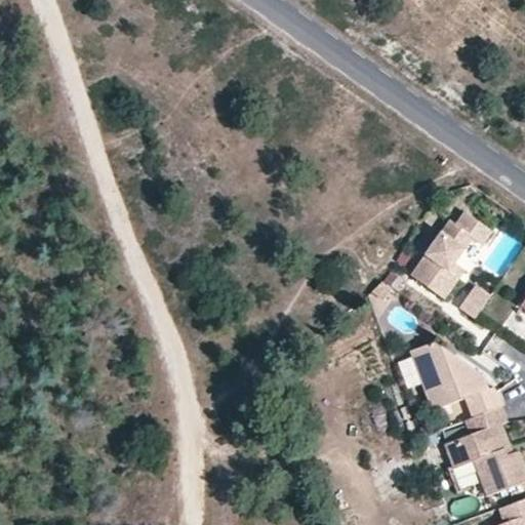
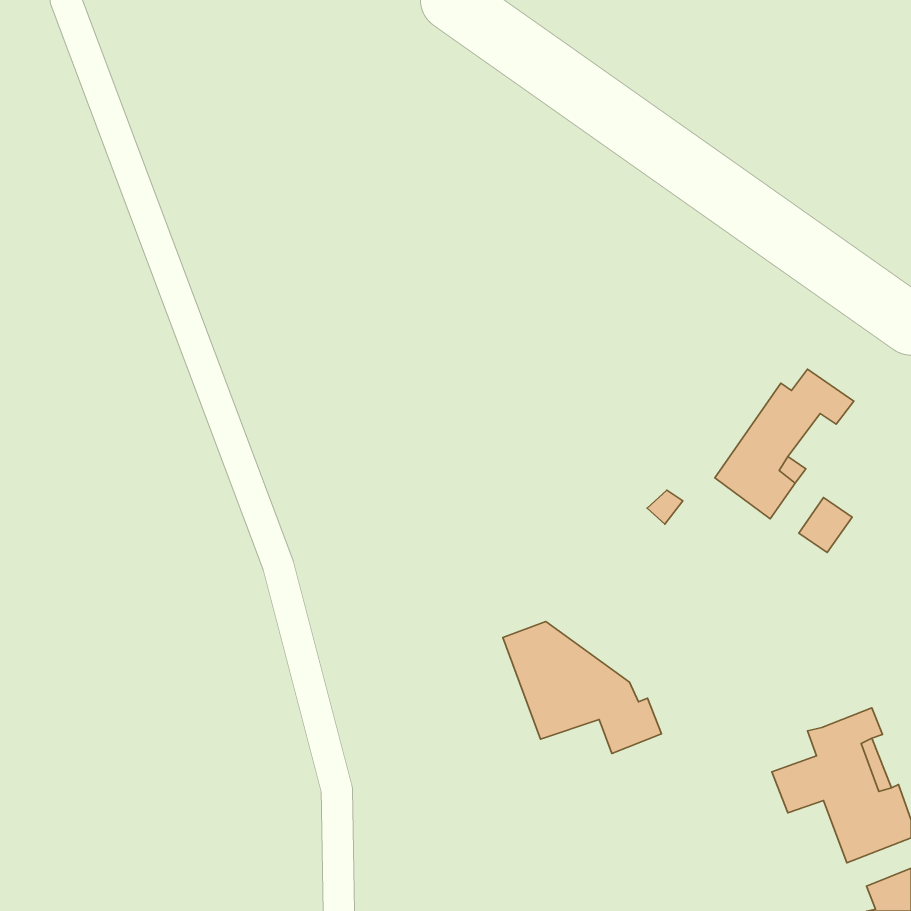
building: [410,342,501,418] -> [503,622,662,754]

